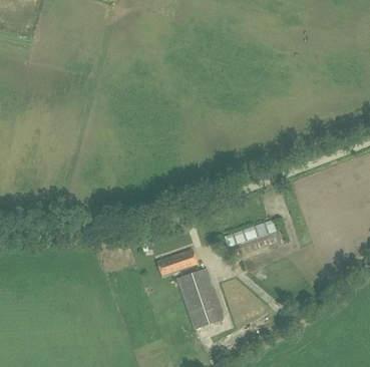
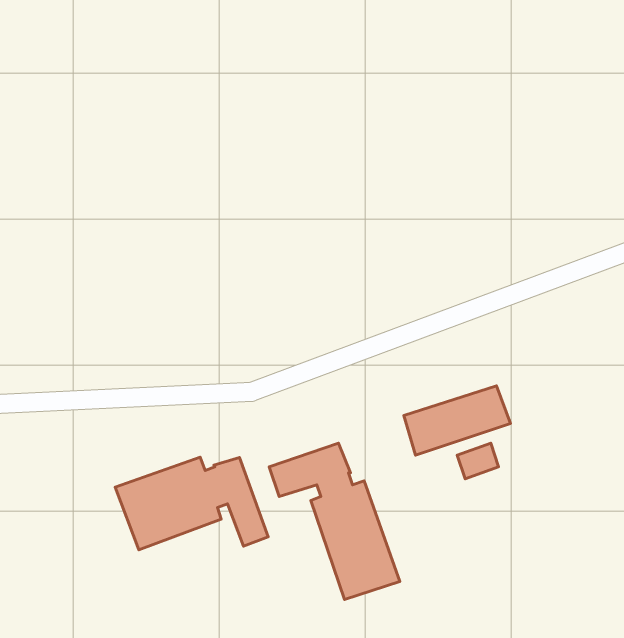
building: none -> [115,457,268,550]

